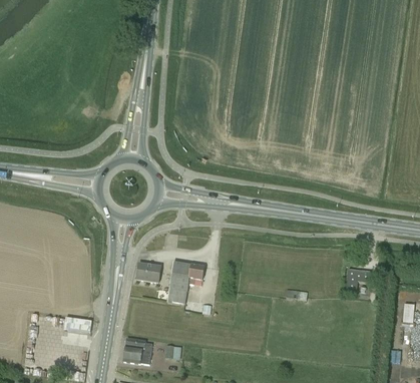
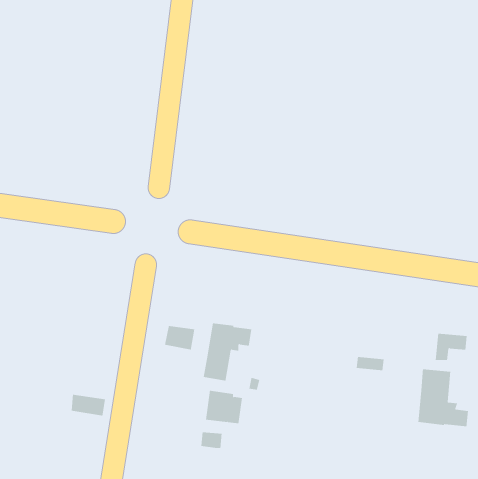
building: none -> [418,369,468,427]
building: [123,337,152,363] -> [205,390,243,424]

